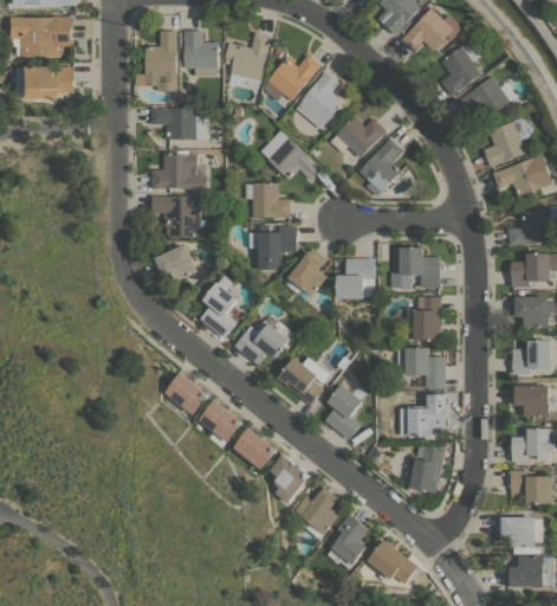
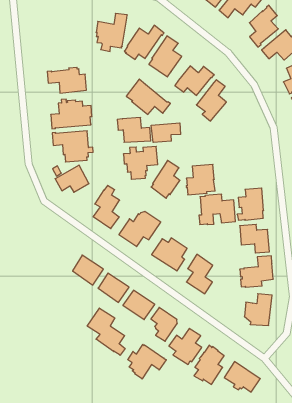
building: [144,31,177,91] -> none
building: [182,31,220,77] -> none
building: none -> [151,123,181,142]
building: [389,247,440,289] -> [199,194,235,225]
building: none -> [87,308,125,355]
building: none -> [128,344,166,379]

